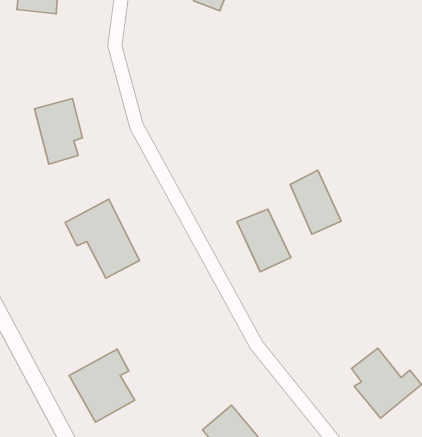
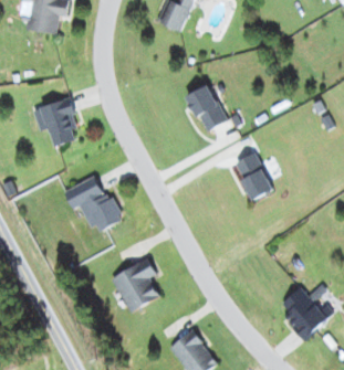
building: none -> [186,84,228,133]
building: [237,209,291,272] -> none
building: [69,349,135,422] -> [111,257,160,313]

